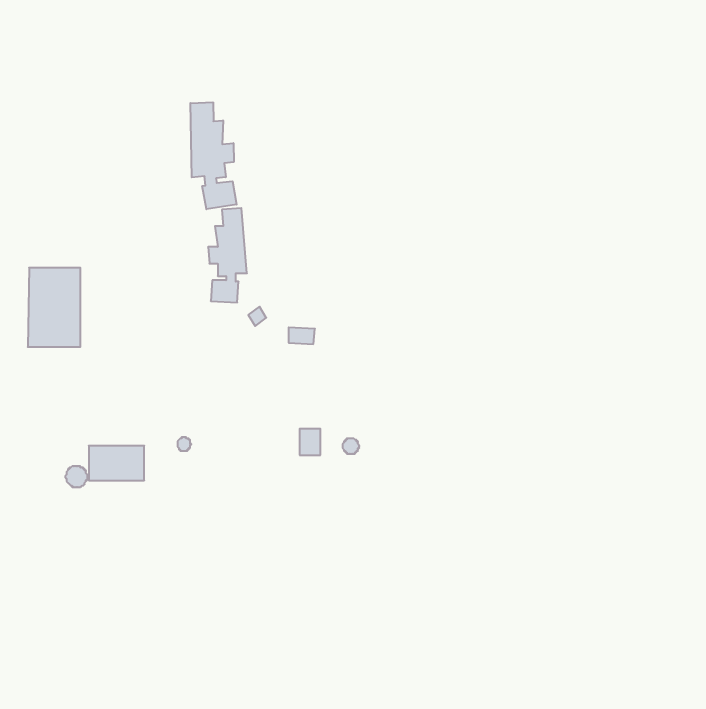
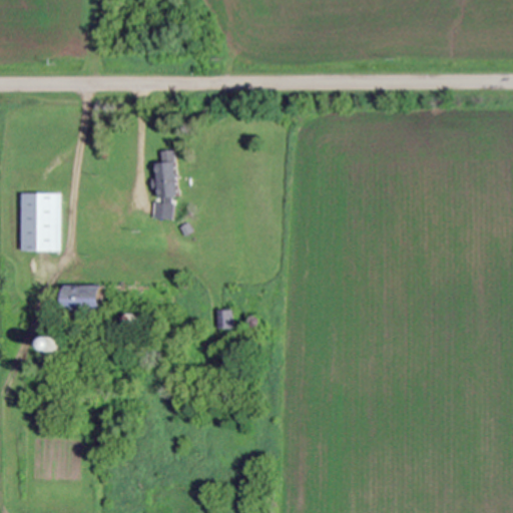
building: [190,102,237,209] -> none
building: [89,446,144,480] -> [62,285,102,310]

